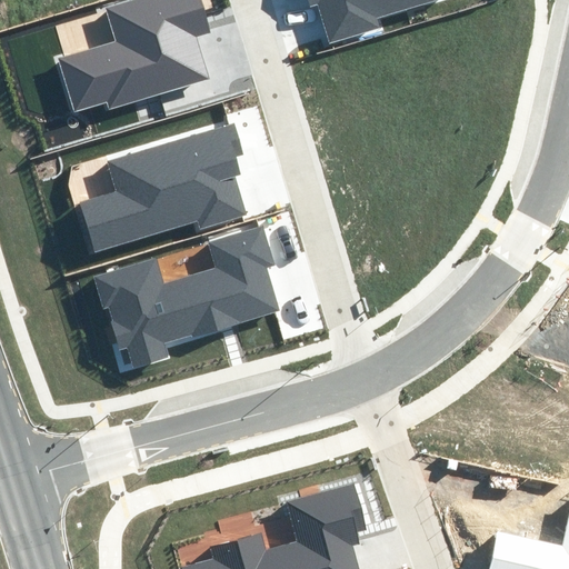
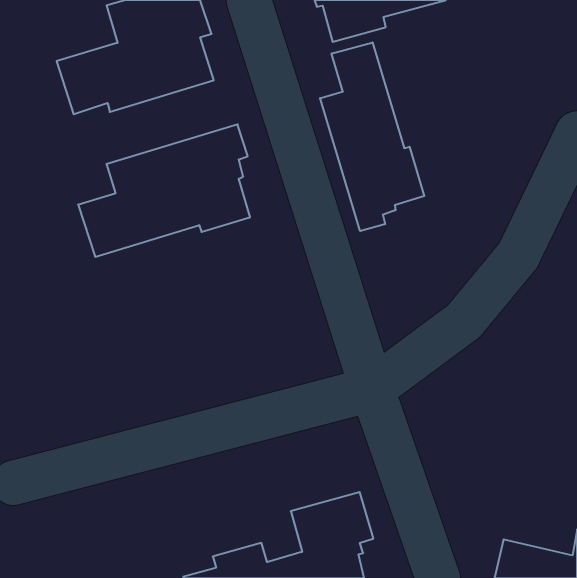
building: none -> [320,42,424,231]
building: [92,224,281,373] -> none

